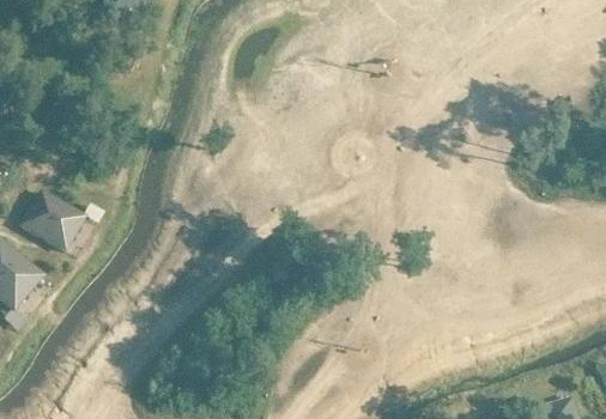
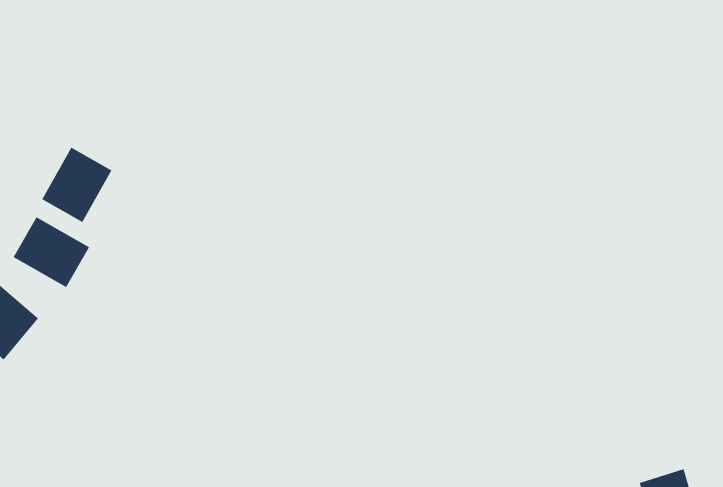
building: none -> [42,147,112,223]

